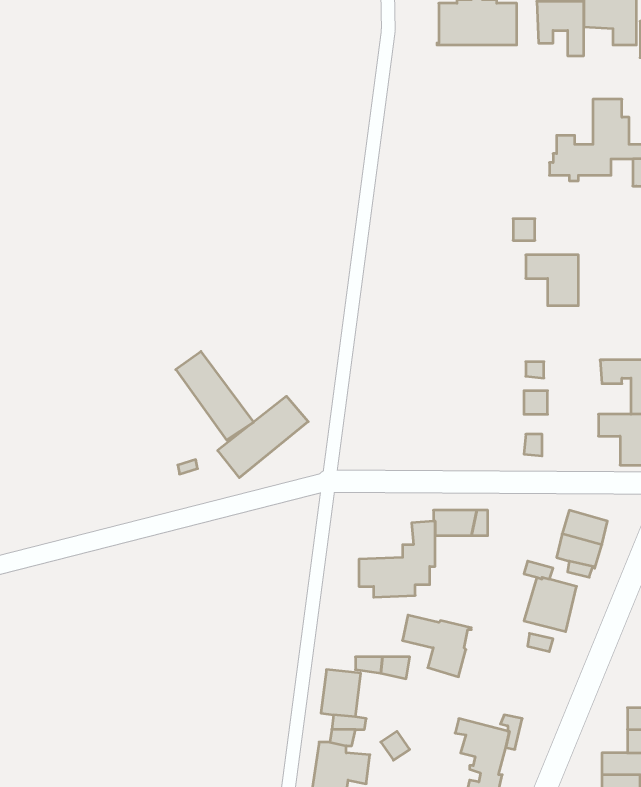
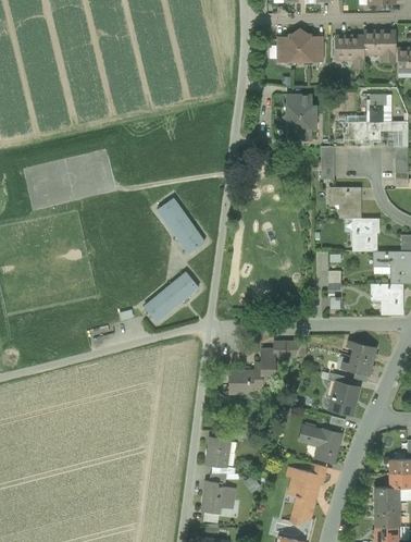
building: none -> [286,94,316,141]
building: none -> [353,219,377,251]
building: [176,351,254,440] -> [158,199,204,252]
building: [402,615,471,677] -> [299,426,340,463]

